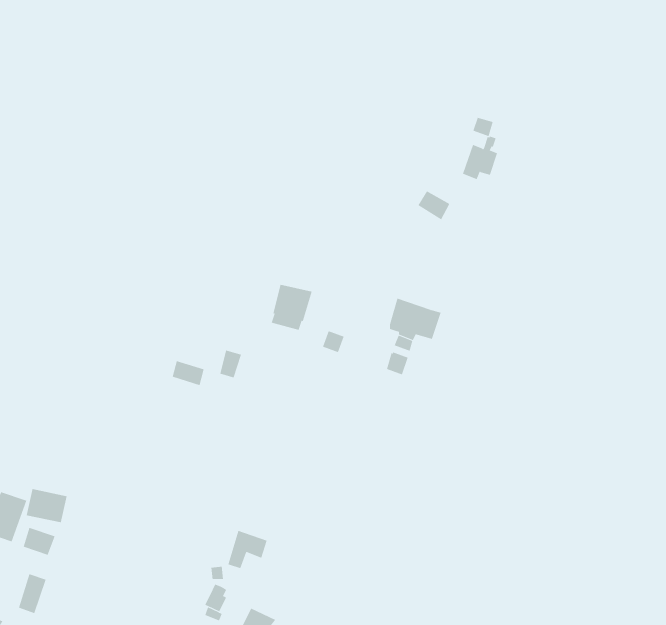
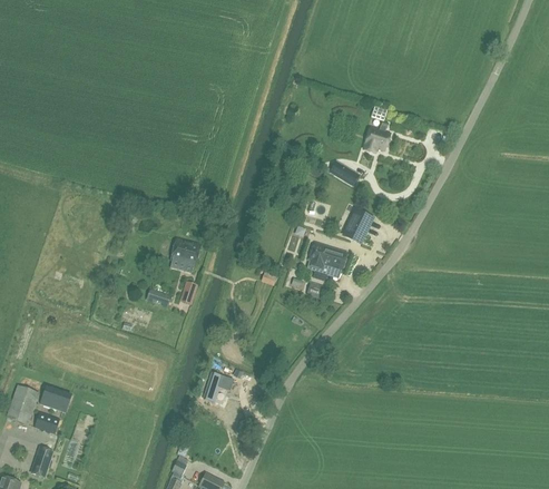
building: none -> [342,209,374,244]
building: [271,284,313,330] -> [169,238,200,273]
building: [227,530,268,569] -> [200,373,231,402]

